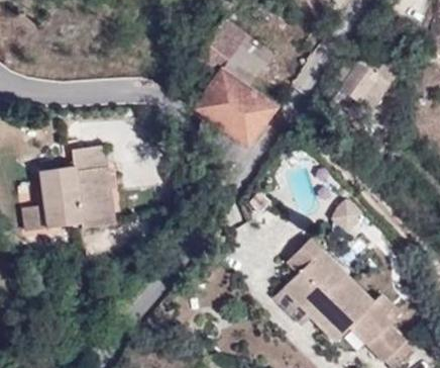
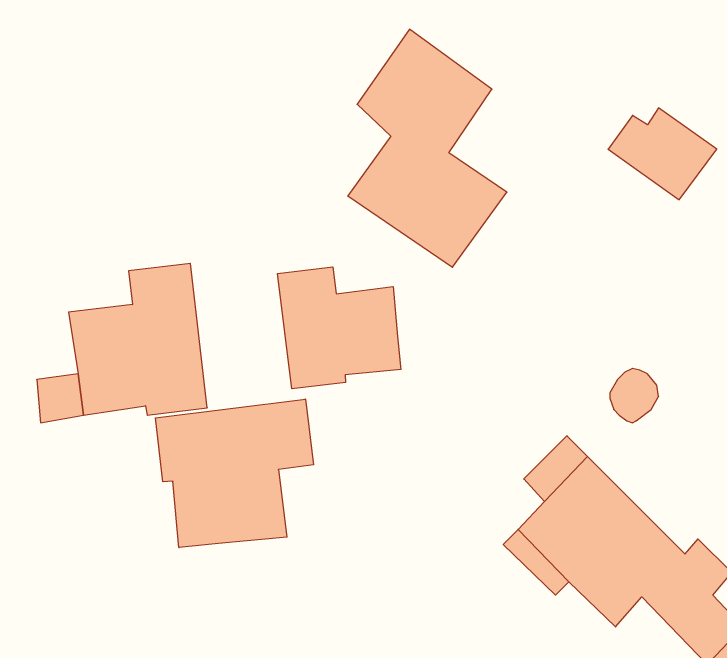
building: none -> [277,267,401,389]
building: none -> [155,399,313,548]

